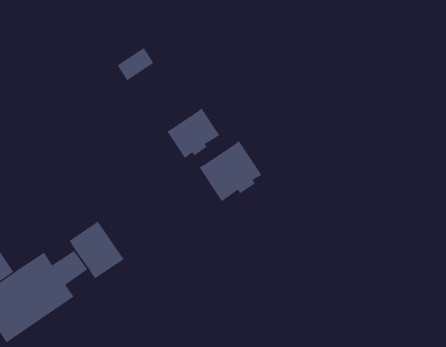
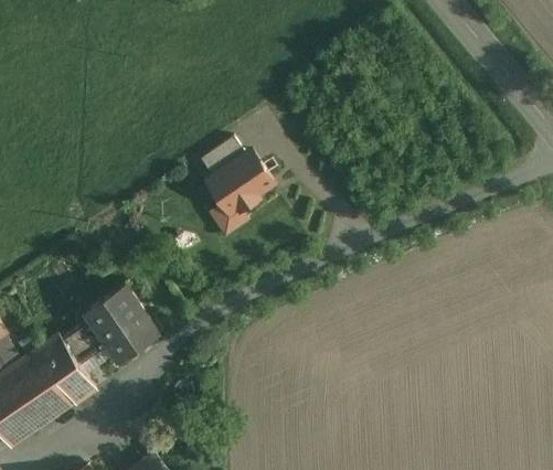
building: [117,47,154,81] -> [198,145,243,185]
building: [199,140,262,202] -> none

